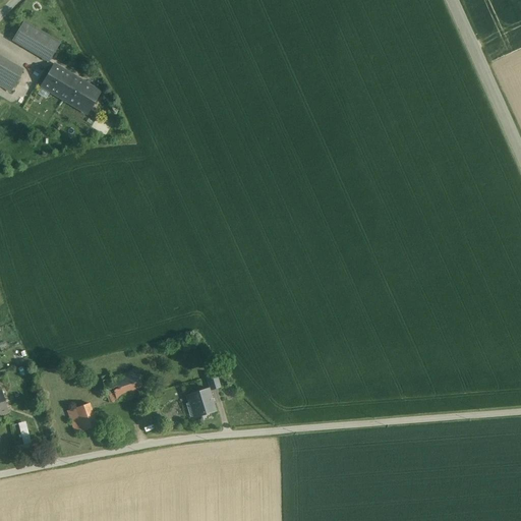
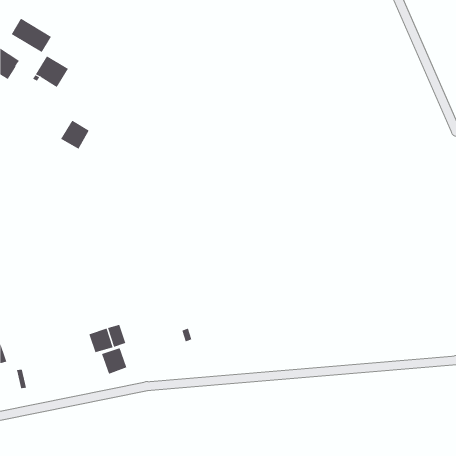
building: [65,78,99,112] -> [60,120,90,149]
building: [188,388,214,415] -> none
building: [66,402,96,432] -> [101,348,127,375]

